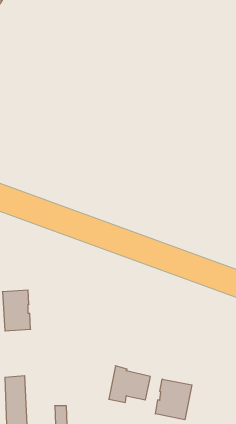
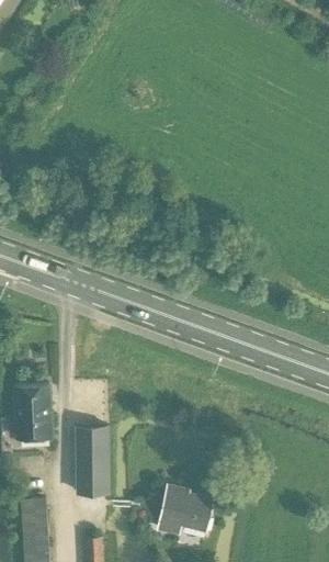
building: none -> [75,425,109,493]
building: [155,379,192,420] -> none

